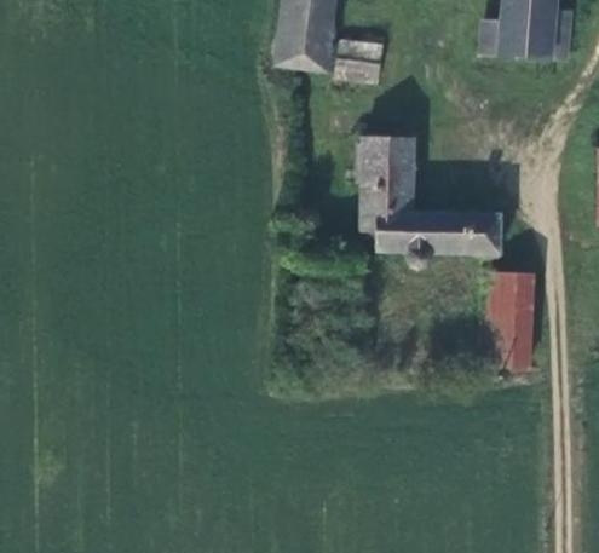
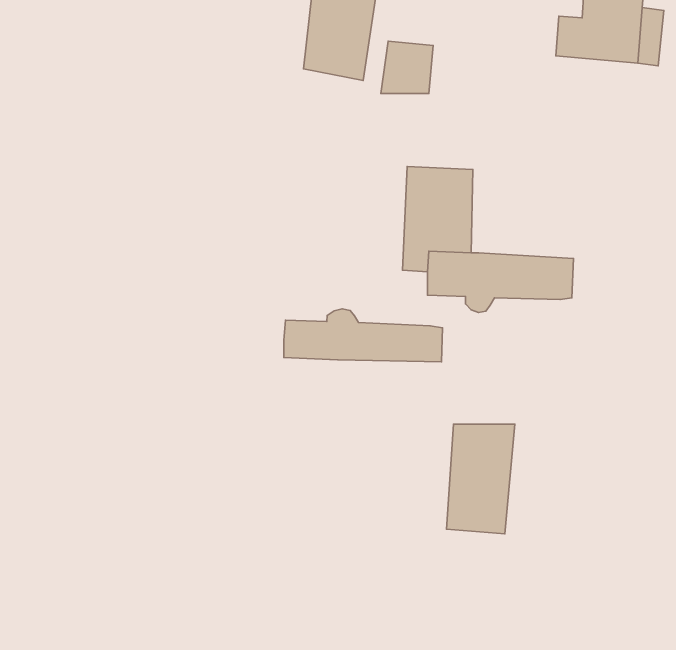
building: none -> [284,309,443,362]
building: [478,276,535,367] -> [446,424,515,534]

